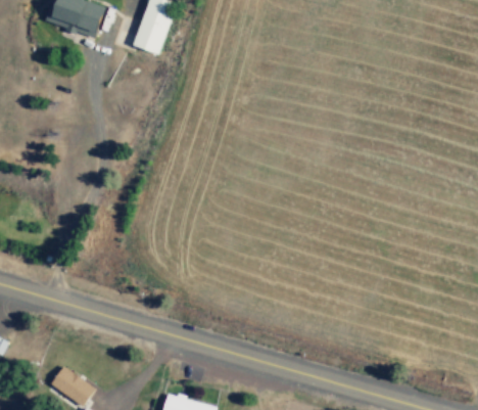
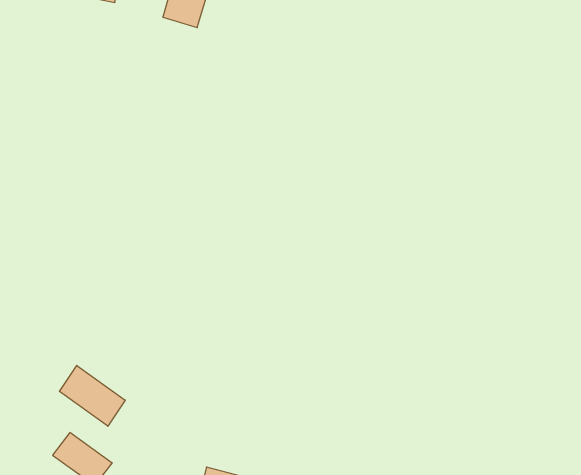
building: none -> [59,365,125,426]

